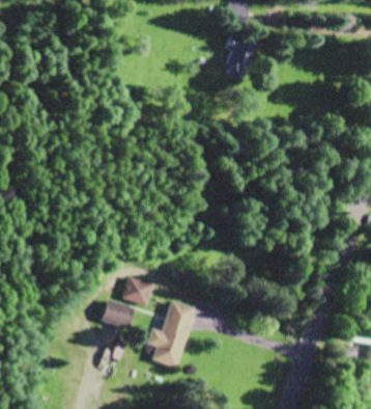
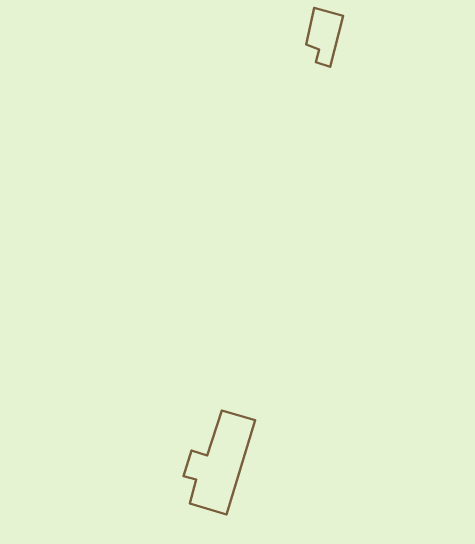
building: [124,277,153,306] -> none
building: [104,301,134,328] -> none

